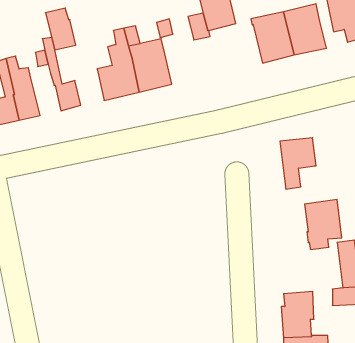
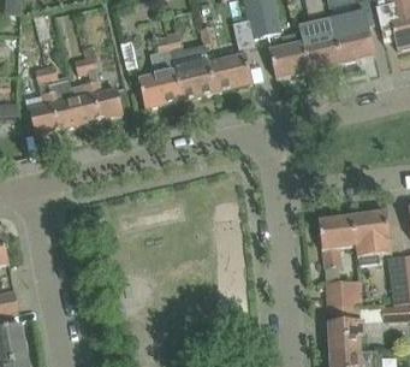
building: [45,8,76,50] -> [70,81,101,124]
building: none -> [268,30,309,77]
building: none -> [208,52,252,91]
building: [280,138,316,189] -> [319,215,356,268]
building: none -> [326,279,362,308]

